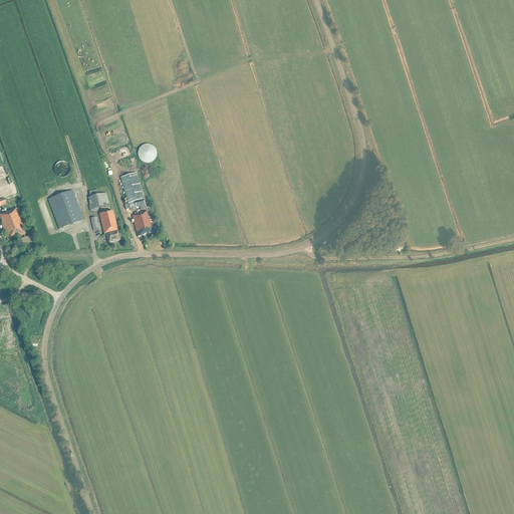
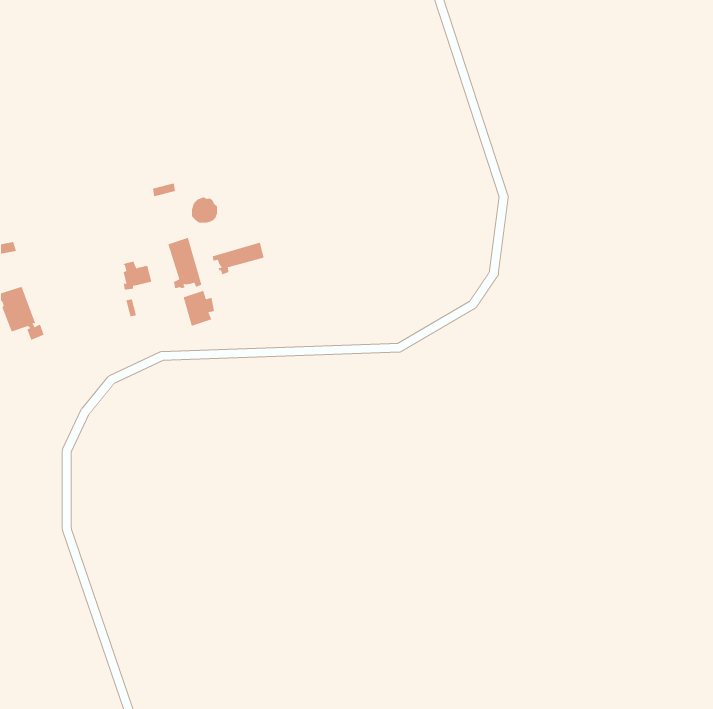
building: none -> [212,242,264,275]
building: [48,188,83,227] -> none
building: [99,209,119,241] -> none

